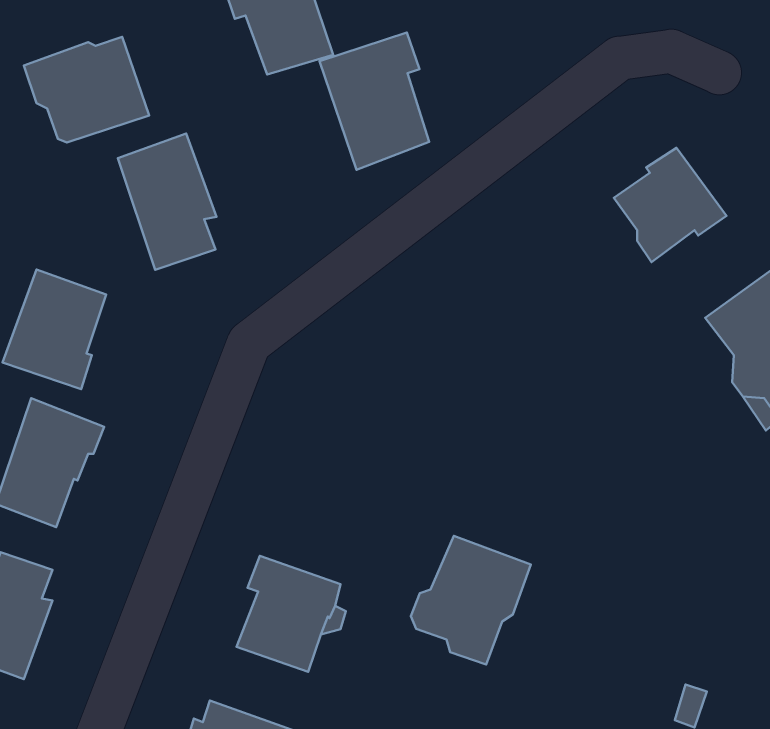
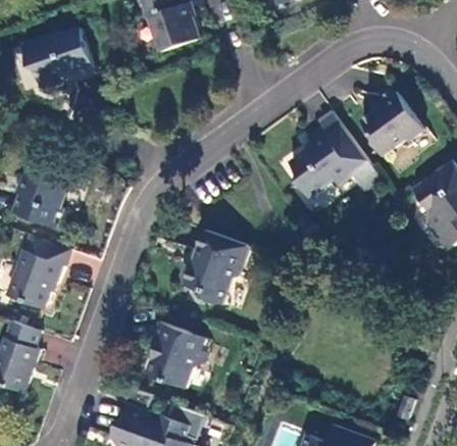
building: [320,32,429,170] -> none
building: [118,134,216,270] -> none
building: none -> [290,109,380,196]
building: [411,536,531,665] -> [181,230,249,303]

